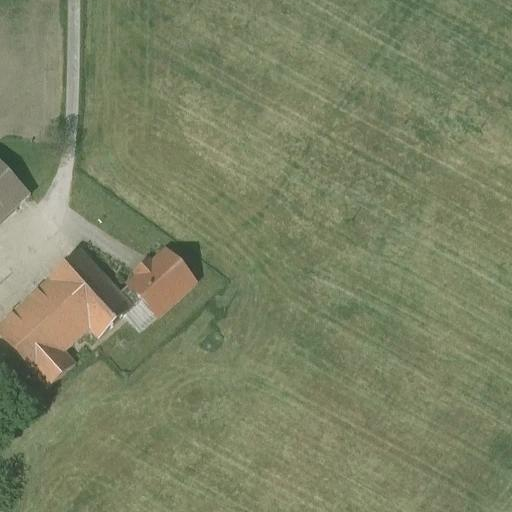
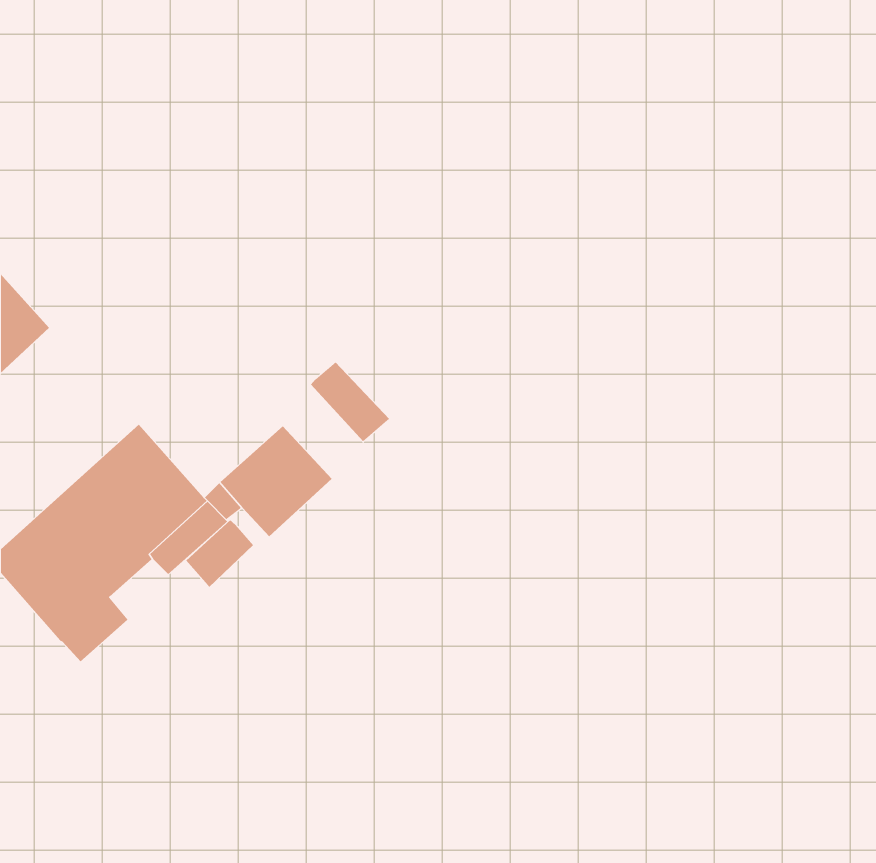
building: none -> [310,362,390,442]
building: none -> [186,519,254,588]

